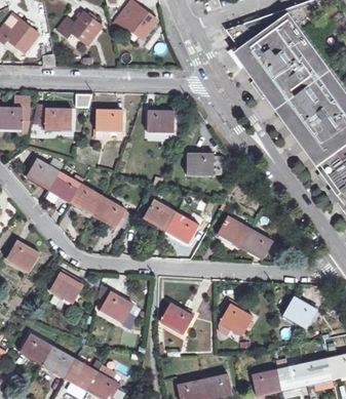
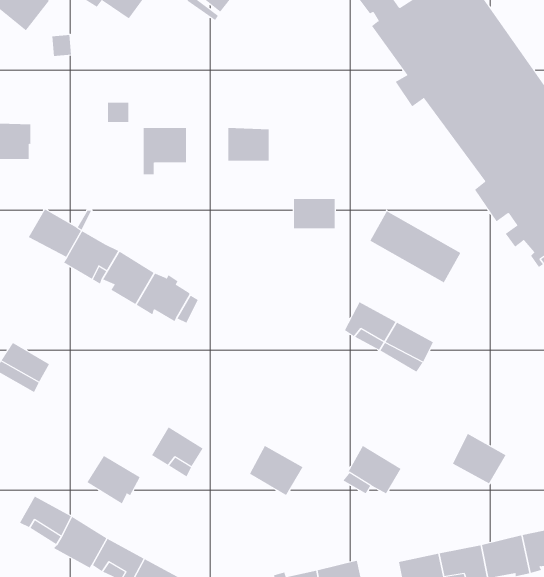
building: [42,105,72,130] -> none
building: [143,199,198,243] -> [370,210,461,283]
building: [49,272,82,302] -> [87,455,141,504]

